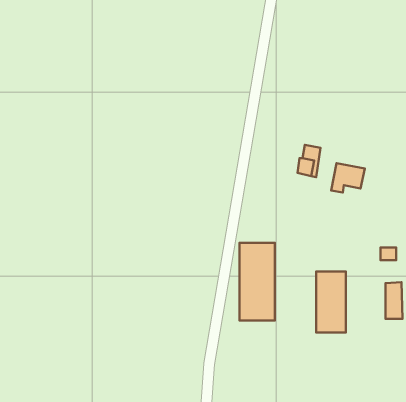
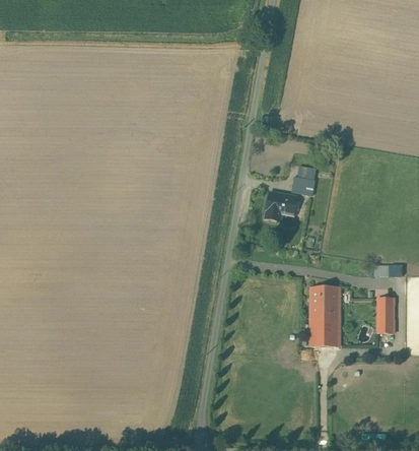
building: [331,163,365,193] -> [265,192,297,220]
building: [240,243,275,320] -> none

